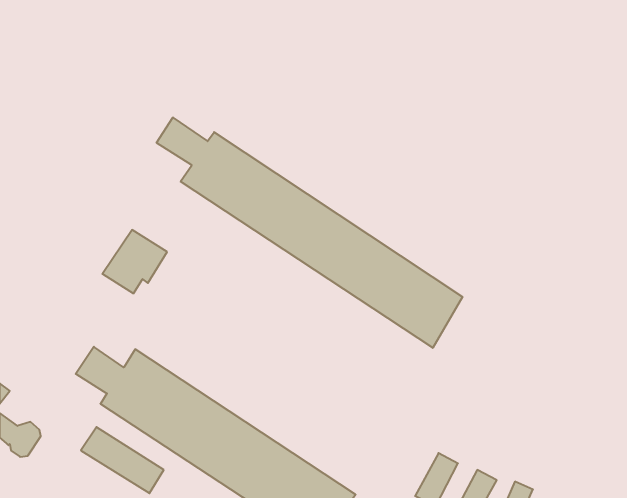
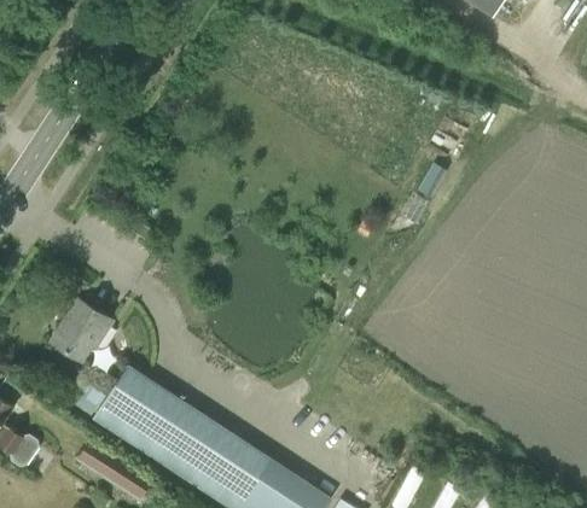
building: [157,117,462,348] -> none
building: [102,230,167,293] -> [50,299,110,358]

